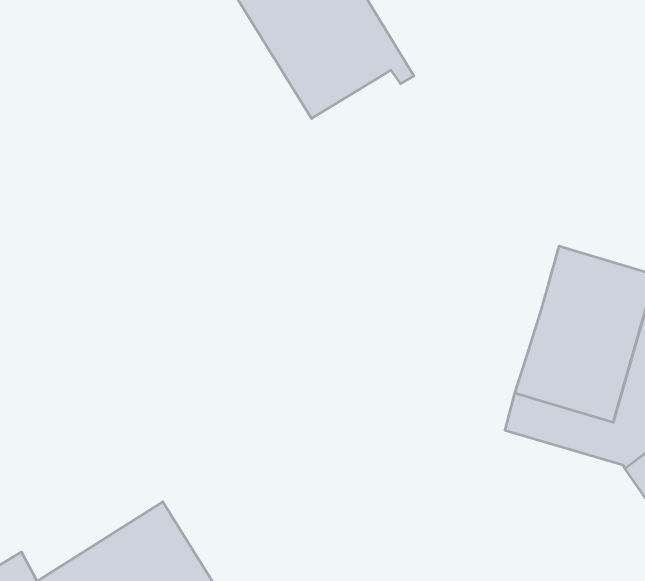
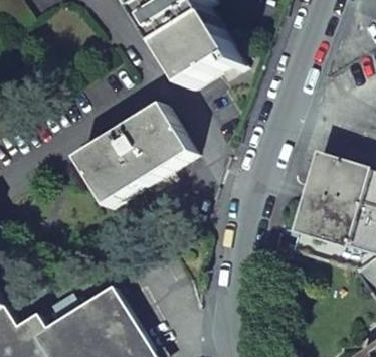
building: none -> [74,104,192,206]

